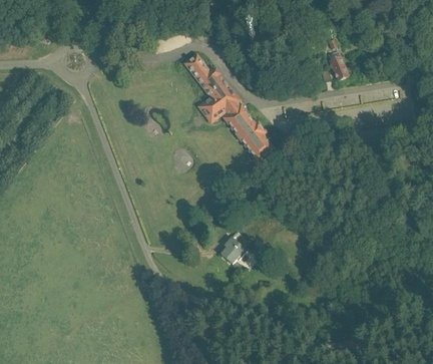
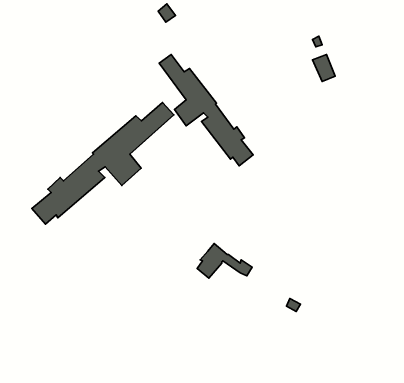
building: none -> [32,102,174,224]

